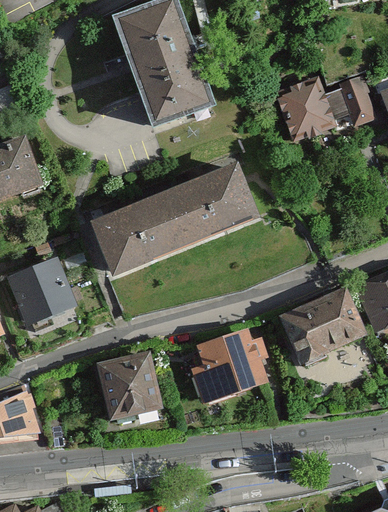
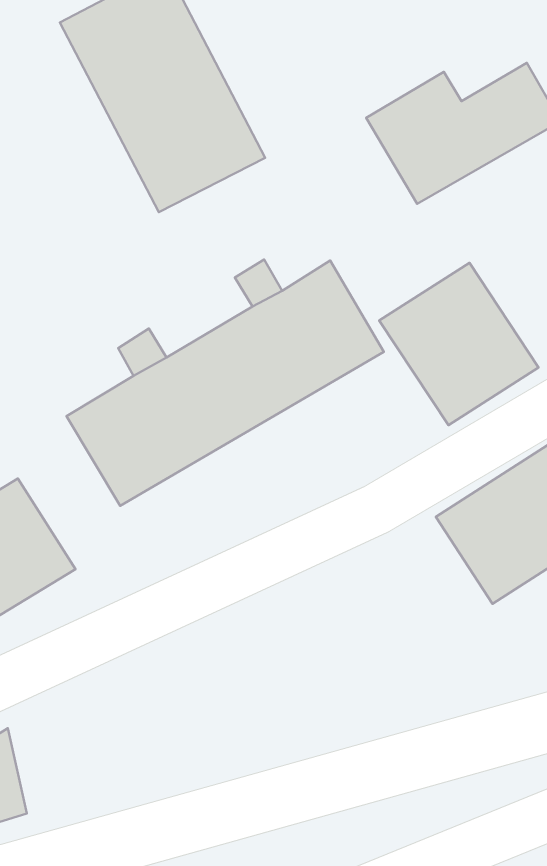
building: none -> [379,263,539,425]
building: [188,324,270,404] -> none
building: [93,346,160,422] -> none

